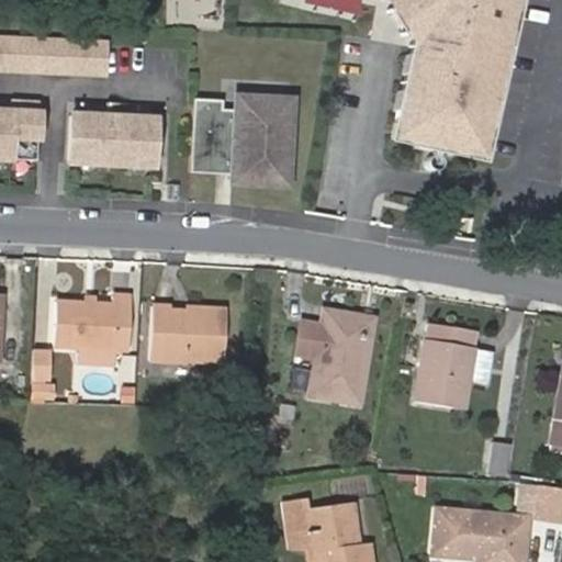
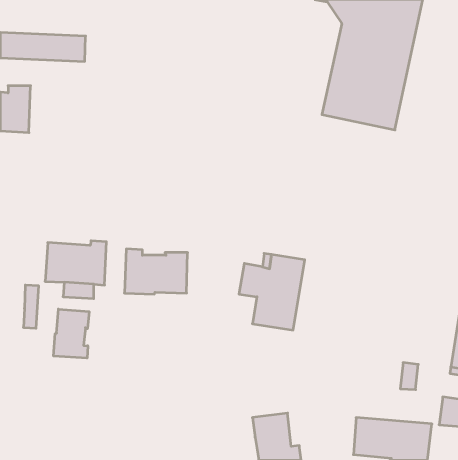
building: [192,95,292,182] -> none
building: [70,115,156,166] -> none
building: [417,322,495,408] -> none
building: none -> [54,309,89,358]
building: [285,499,316,548] -> none

